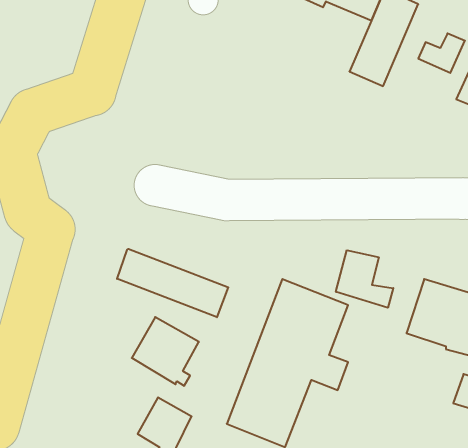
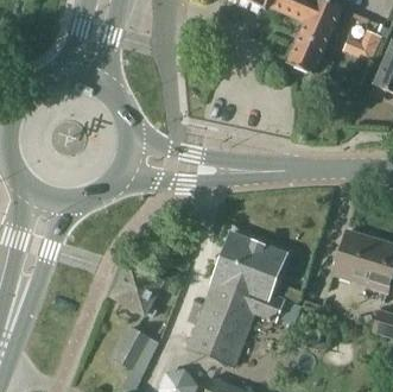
building: [117,249,228,317] -> none
building: [336,250,393,308] -> none

